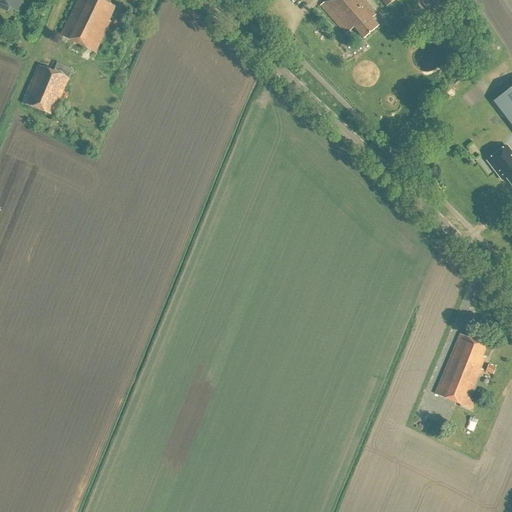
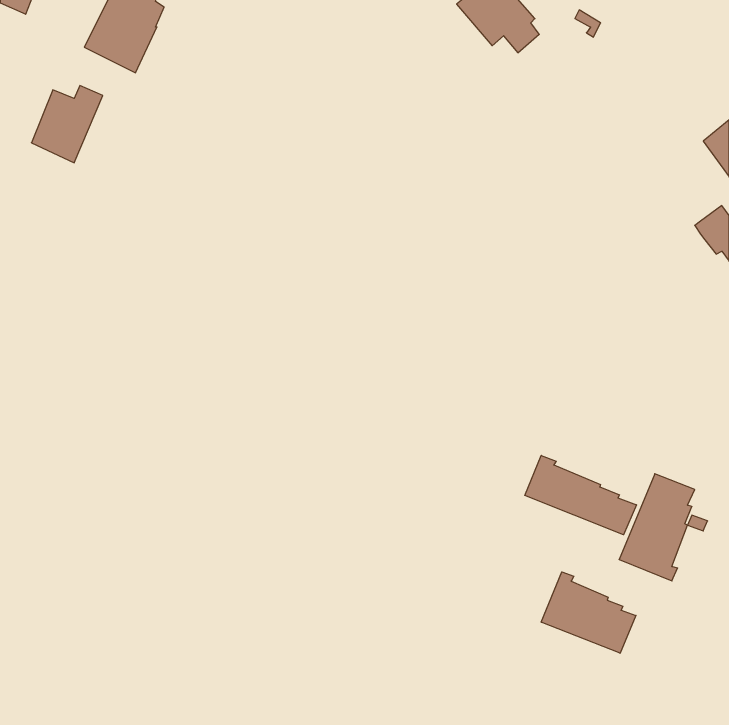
building: none -> [525,455,636,535]
building: none -> [541,572,636,653]

